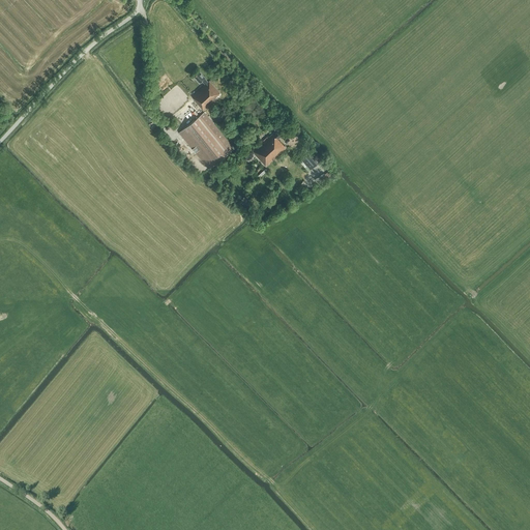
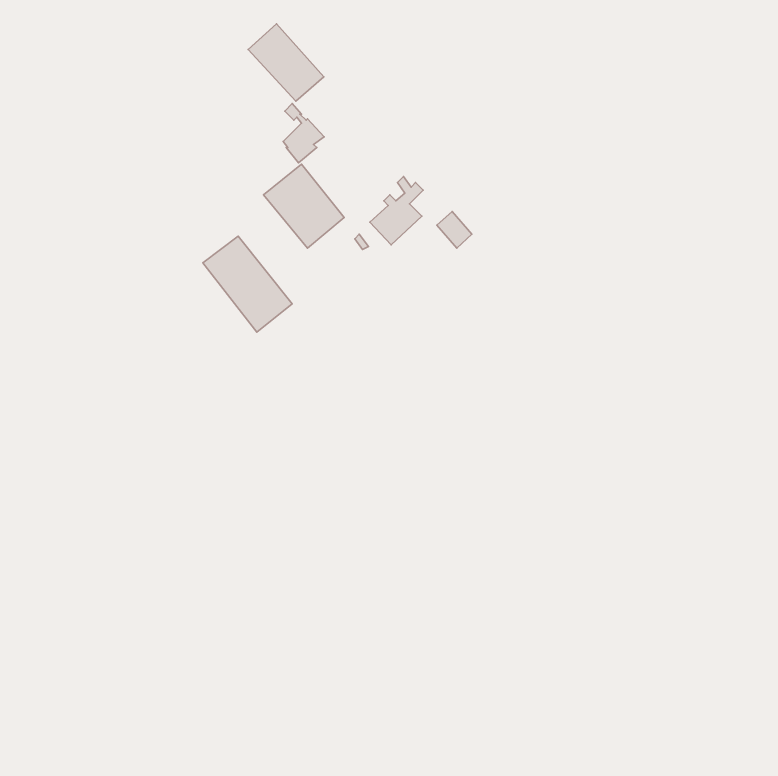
building: none -> [248,24,324,101]
building: none -> [203,236,292,332]

